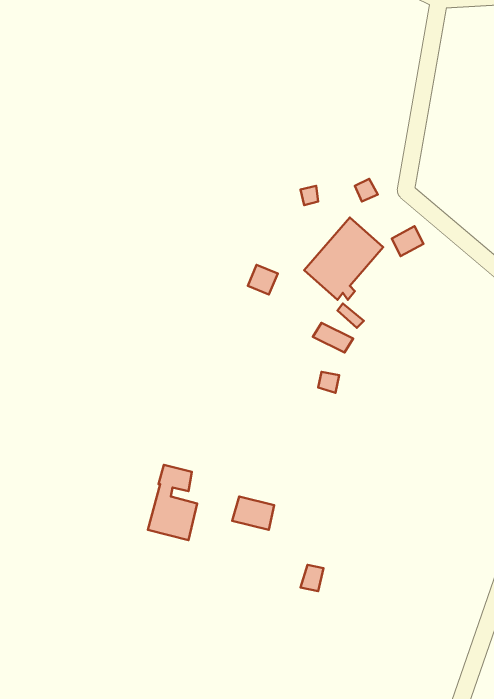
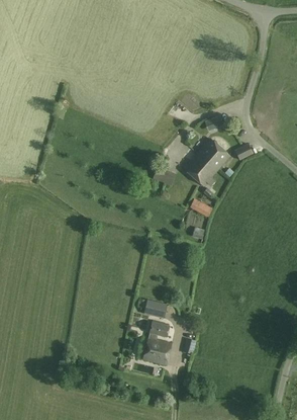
building: [148,465,197,540] -> [143,321,172,364]

